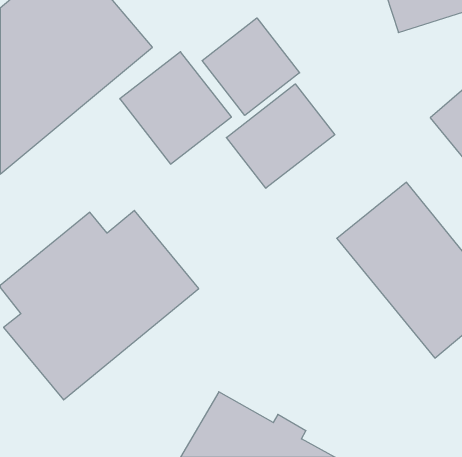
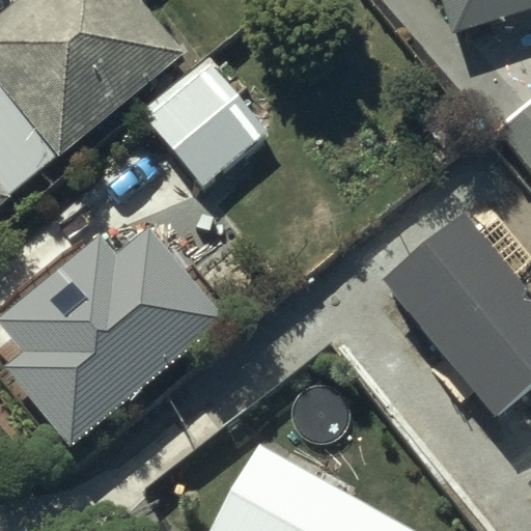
building: [202,18,300,115] -> none
building: [226,84,335,188] -> none

